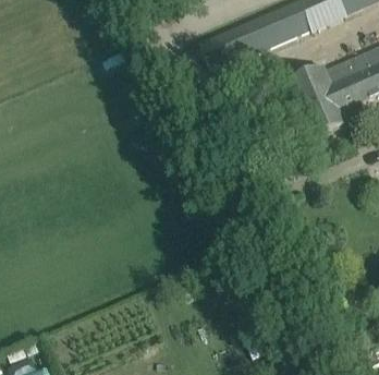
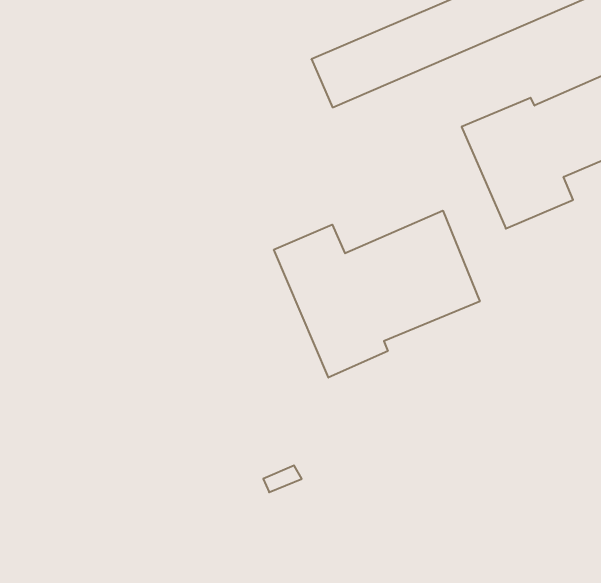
building: none -> [274,211,480,378]

